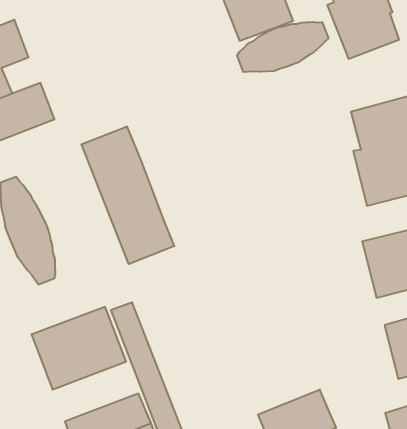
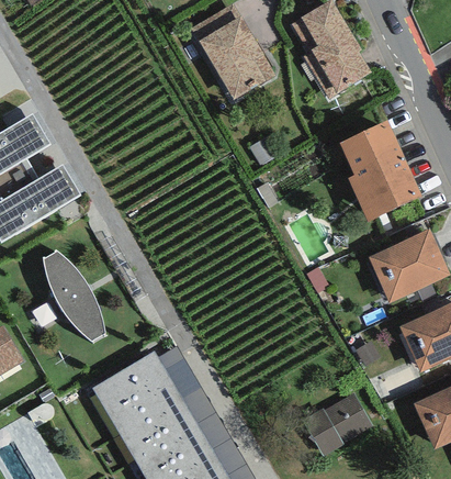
building: [237,22,328,72] -> none
building: [81,126,174,264] -> none
building: none -> [119,397,194,458]

